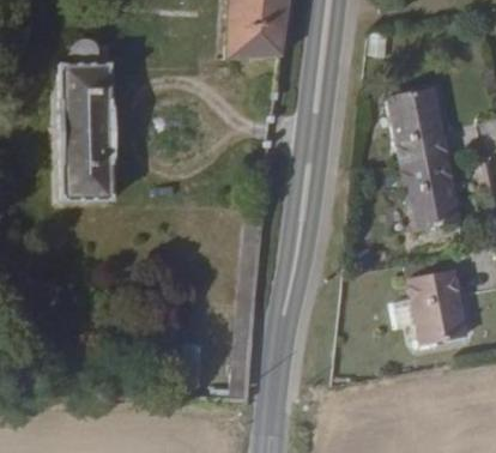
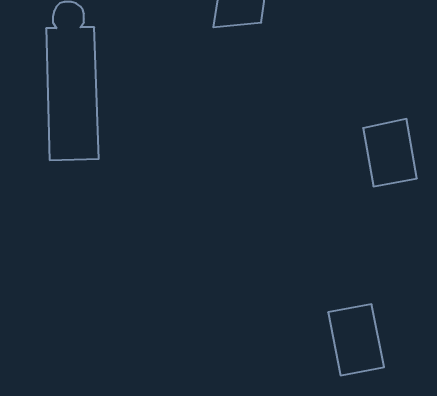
building: [385,87,442,164] -> none
building: [401,267,460,342] -> [328,304,384,375]

